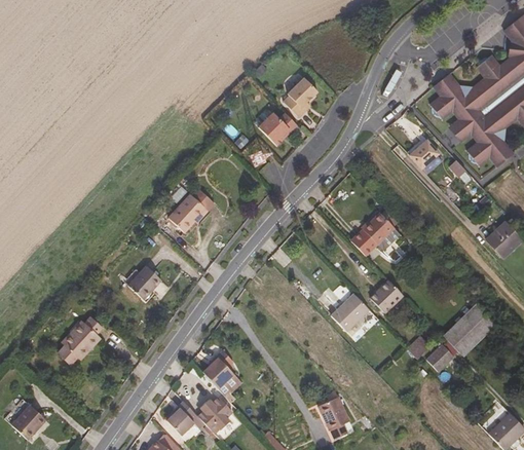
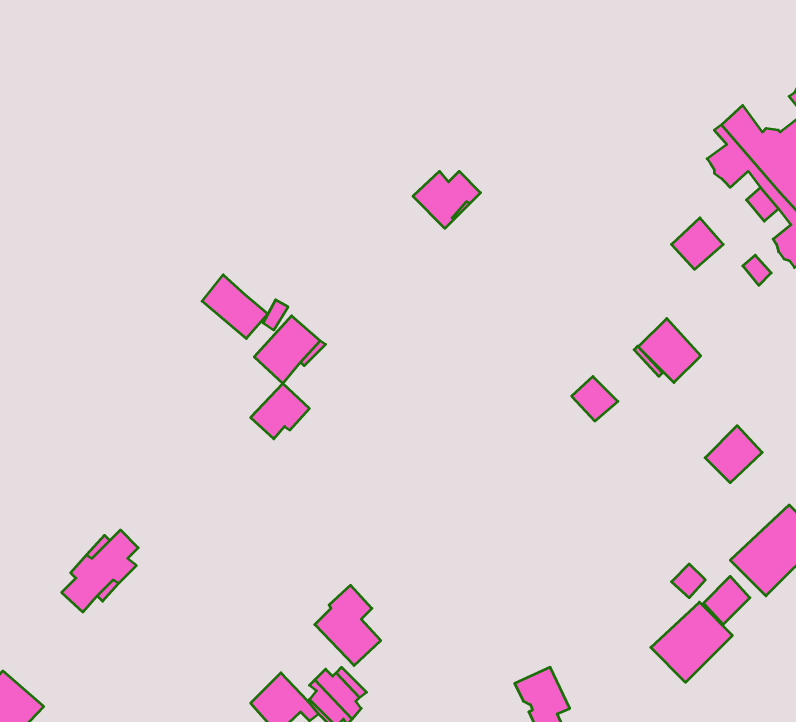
building: [285,77,319,116] -> none
building: none -> [202,275,268,339]
building: [363,213,399,250] -> [638,318,701,383]
building: [127,265,161,297] -> [251,384,309,439]
building: [370,279,403,312] -> [705,426,762,483]
building: [331,293,369,331] -> none
building: none -> [651,602,732,682]

